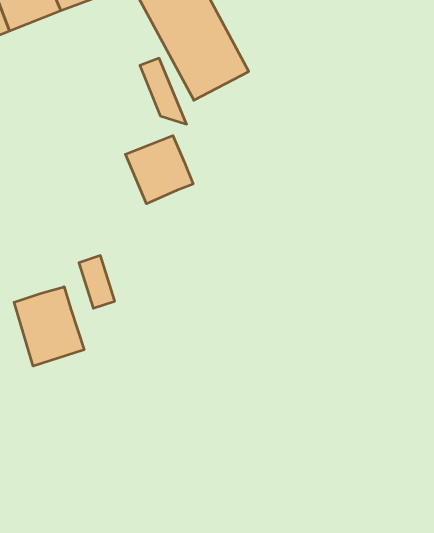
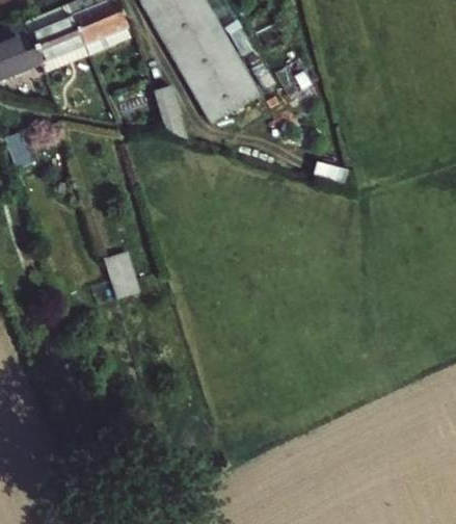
building: [125,136,193,204] -> none
building: [14,287,84,366] -> none

